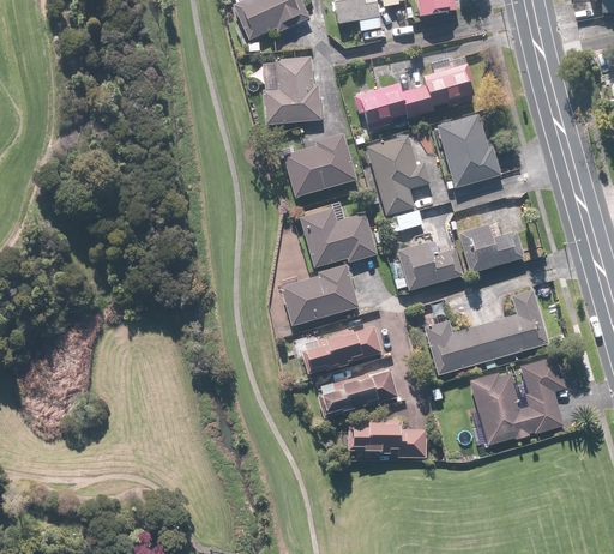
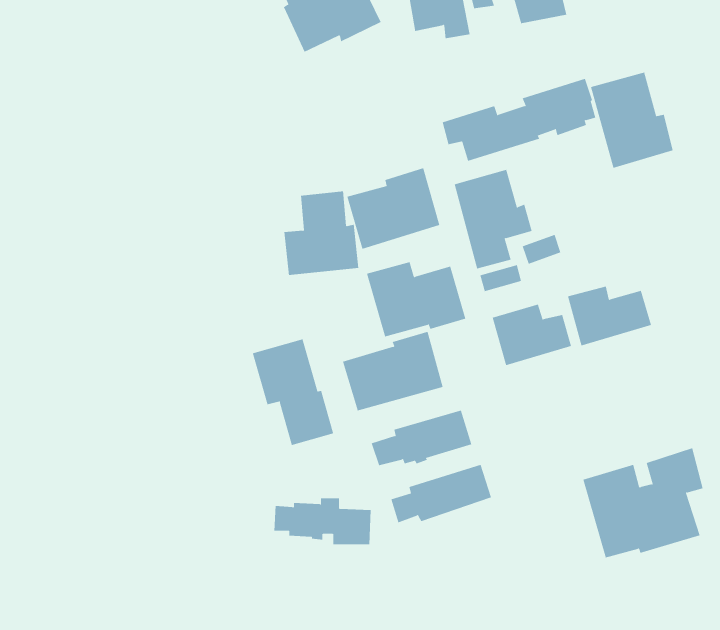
building: [263,59,323,126] -> [283,191,359,276]
building: [434,113,500,189] -> [590,72,673,169]
building: none -> [252,339,334,446]
building: [425,289,548,375] -> none
building: [348,420,426,457] -> [273,498,372,545]

